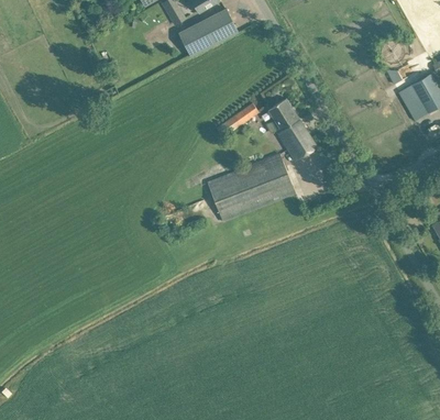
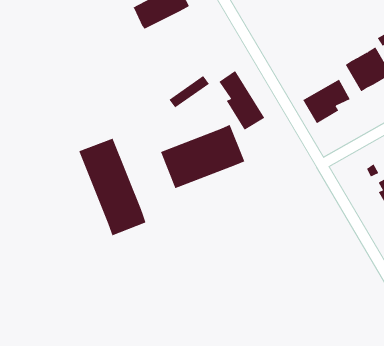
building: none -> [302,79,350,124]
building: none -> [79,138,146,236]

